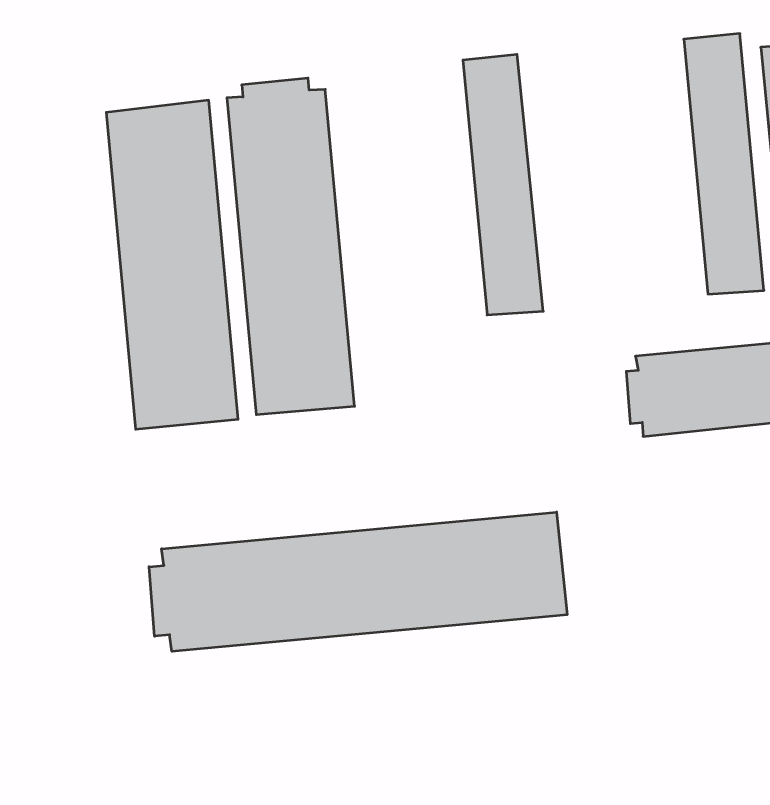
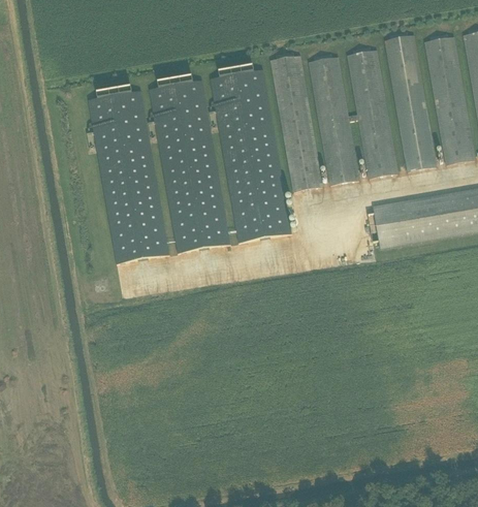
building: none -> [310,51,397,185]
building: none -> [212,65,290,242]
building: [149,512,567,651] -> none

